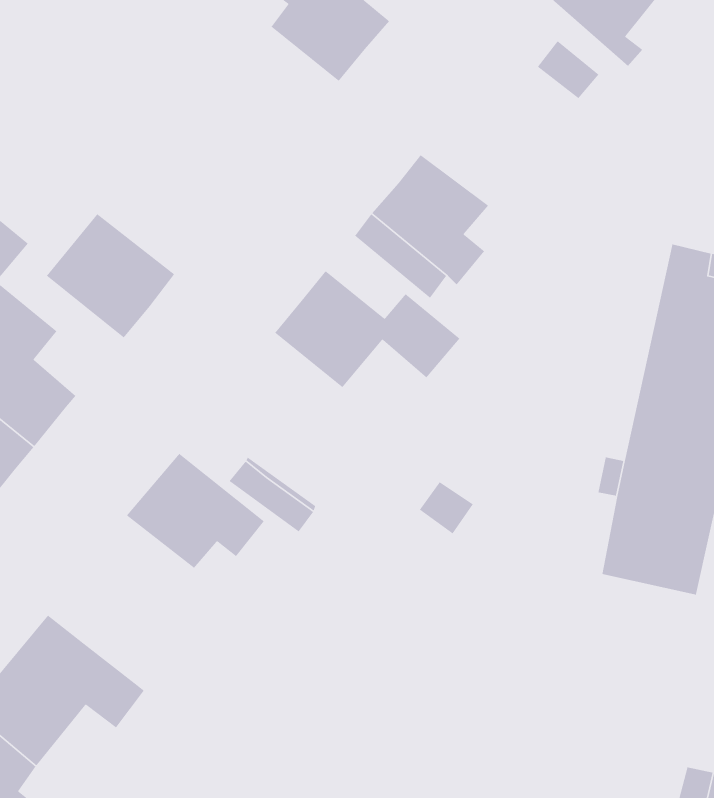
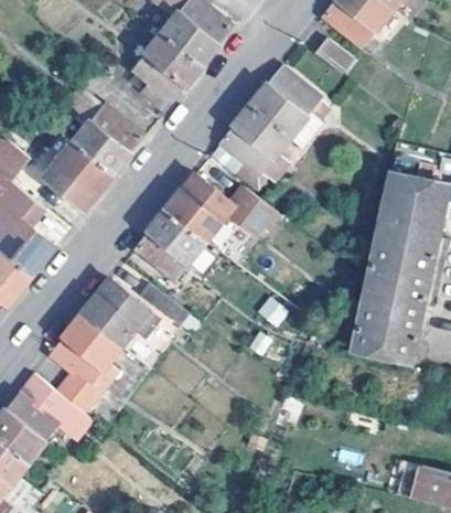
building: none -> [136,32,204,108]
building: none -> [251,68,331,136]
building: none -> [64,101,142,175]
building: none -> [137,210,206,278]
building: none -> [52,316,120,413]

